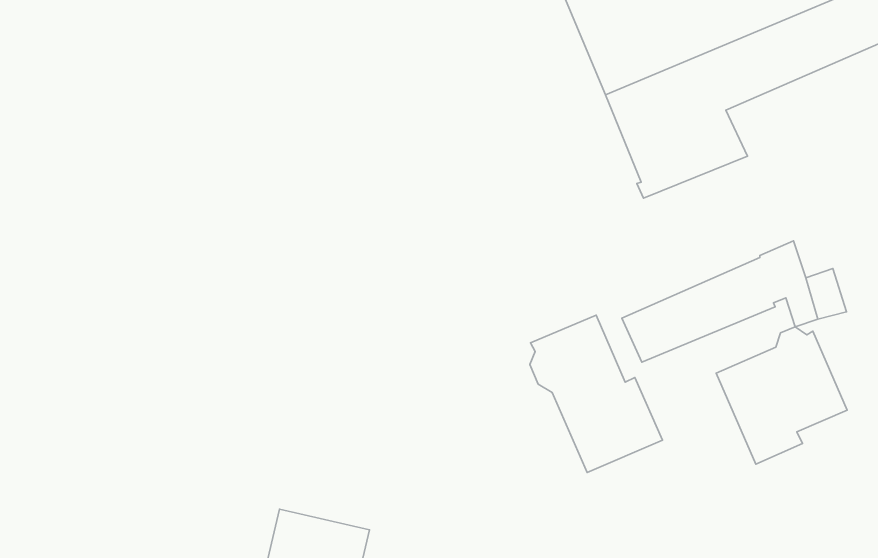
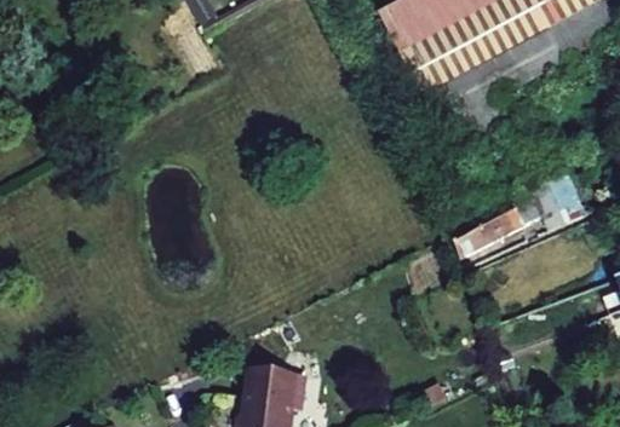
building: [530,315,663,473] -> none
building: [716,327,847,464] -> none

